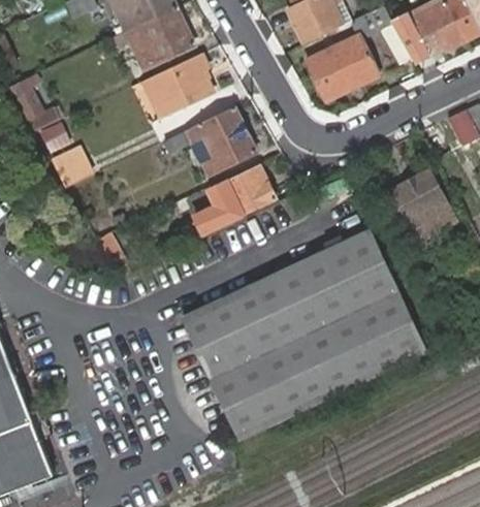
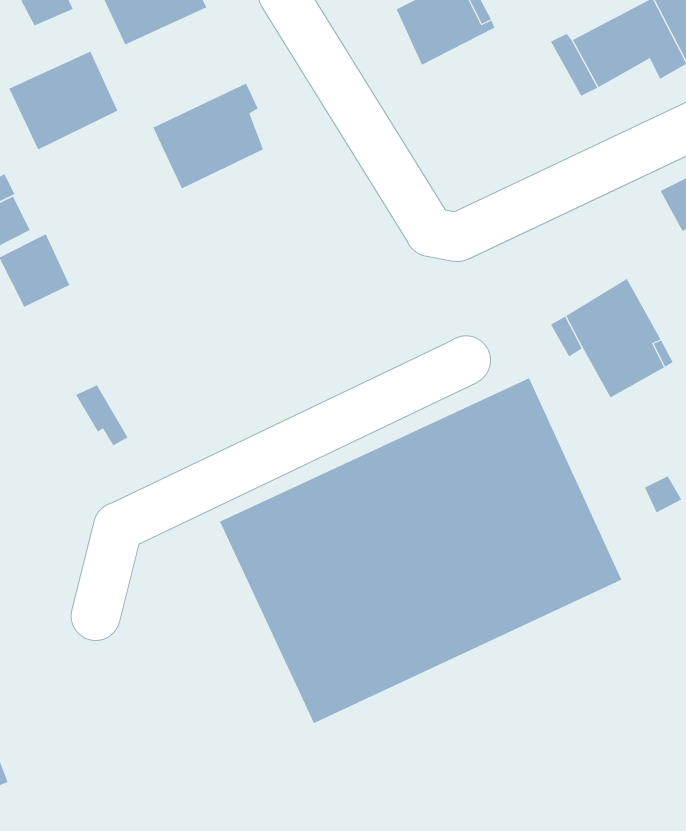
building: [125,7,191,67] -> [9,51,118,150]
building: [305,35,379,102] -> none
building: [162,105,255,176] -> none
building: [194,170,275,231] -> none

